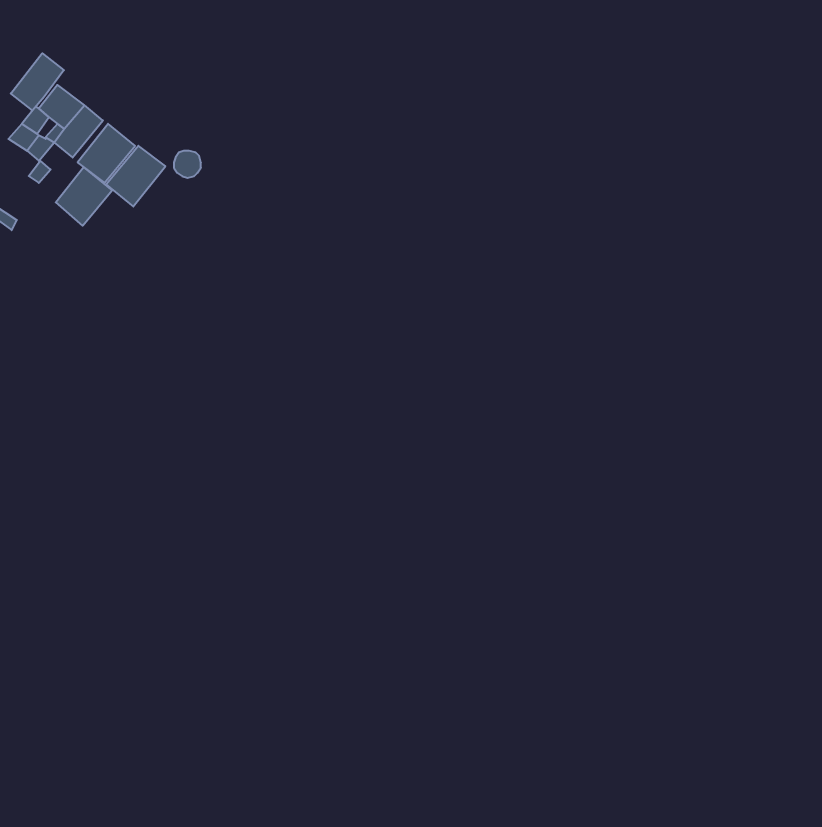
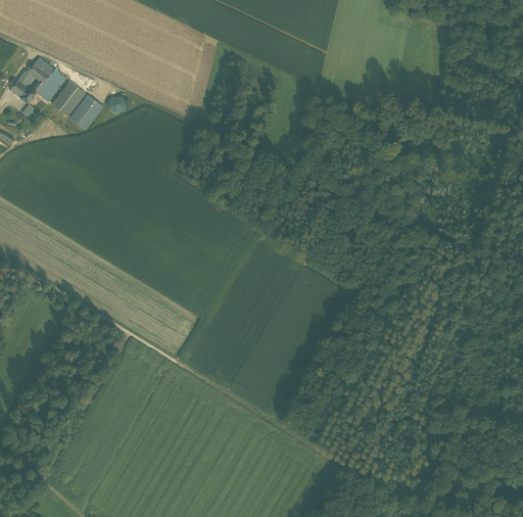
building: [11,53,64,110] -> none
building: [56,167,112,226] -> none

